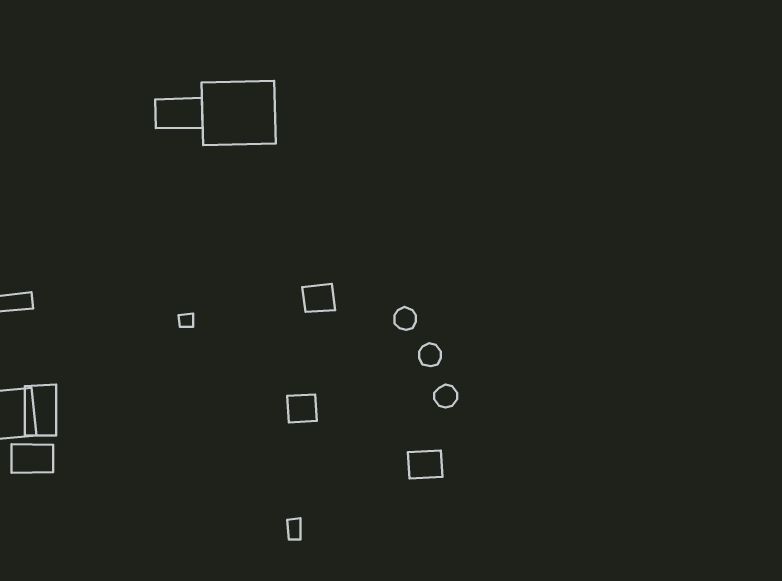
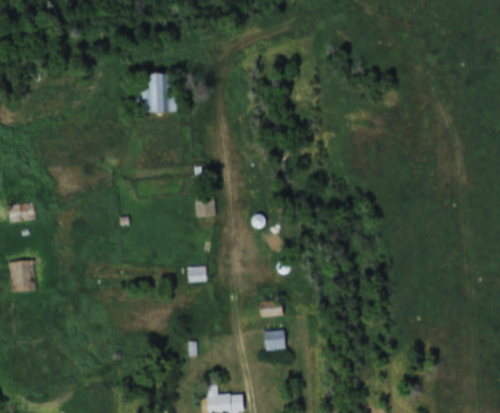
building: [155,98,203,128] -> none
building: [11,444,53,473] -> none
building: none -> [264,328,284,350]

